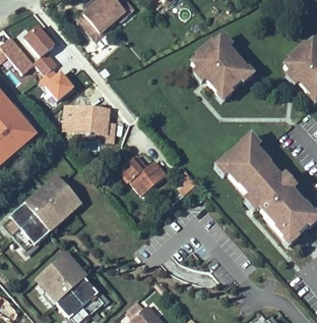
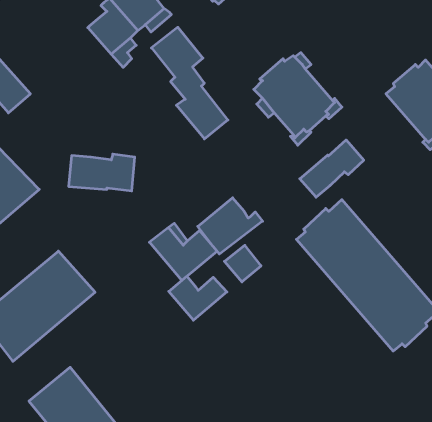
building: [21,25,74,103] -> [151,27,228,139]
building: none -> [300,140,364,197]
building: none -> [198,198,263,254]
building: none -> [169,276,227,320]

